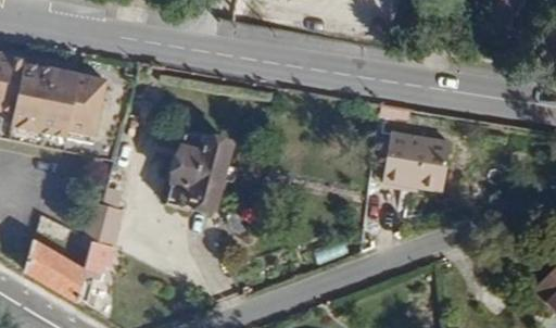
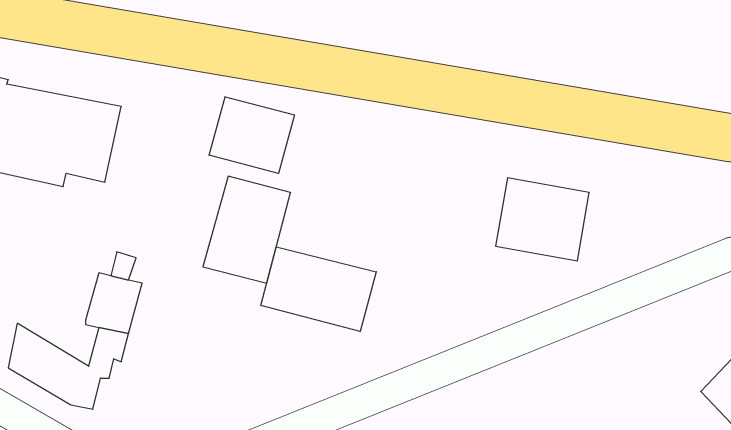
building: none -> [209,97,294,173]
building: none -> [261,247,376,332]

